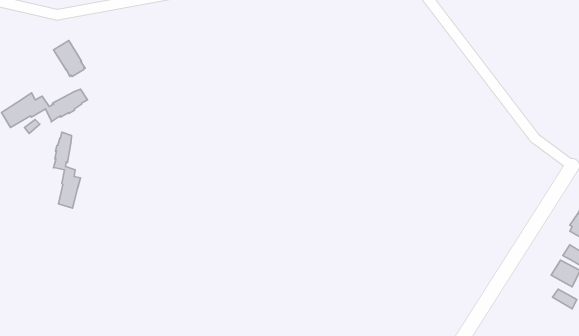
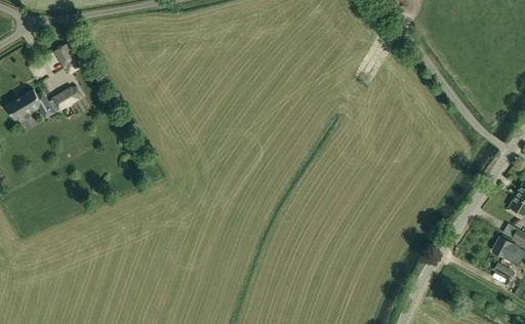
building: [53,132,80,208] -> none

